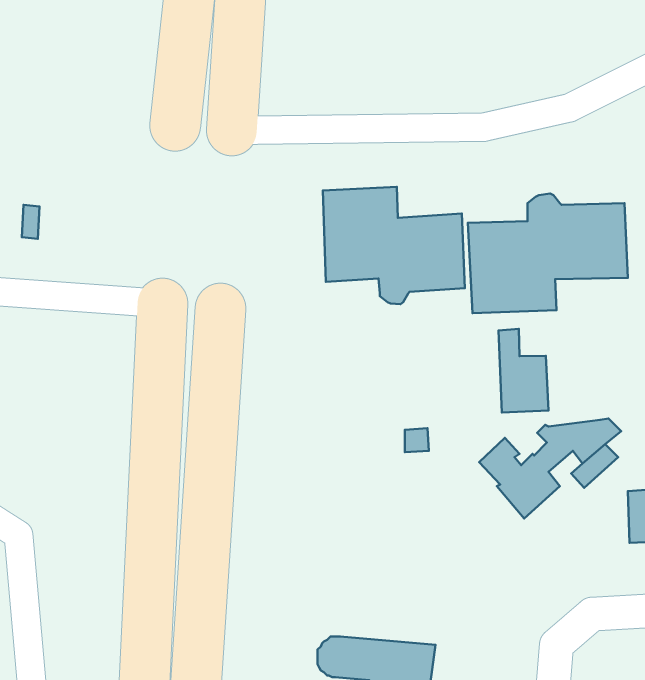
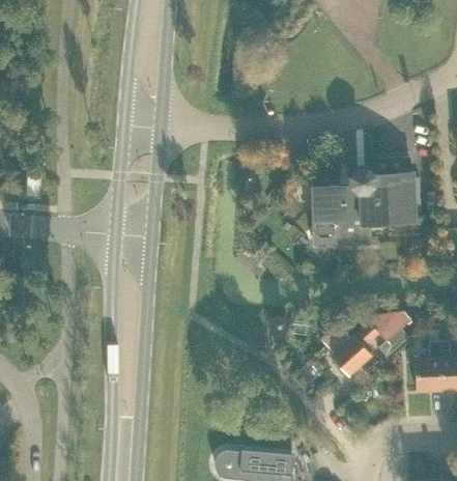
building: [323,187,465,304] -> none
building: [498,329,549,412] -> none

